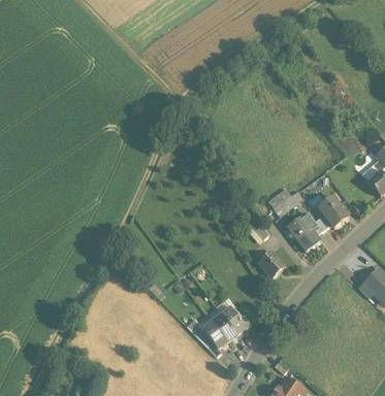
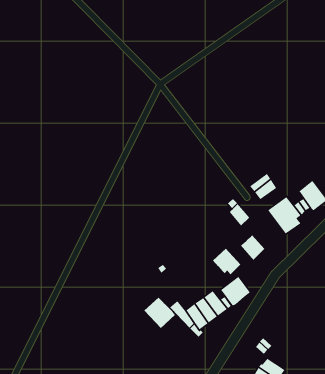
building: none -> [212,248,241,275]
building: none -> [220,276,251,307]
building: none -> [143,297,176,329]

